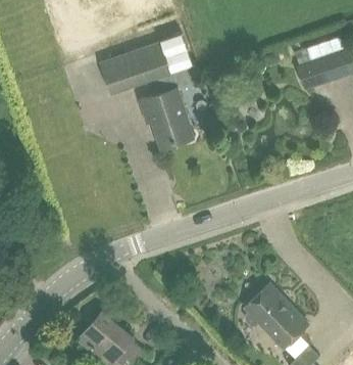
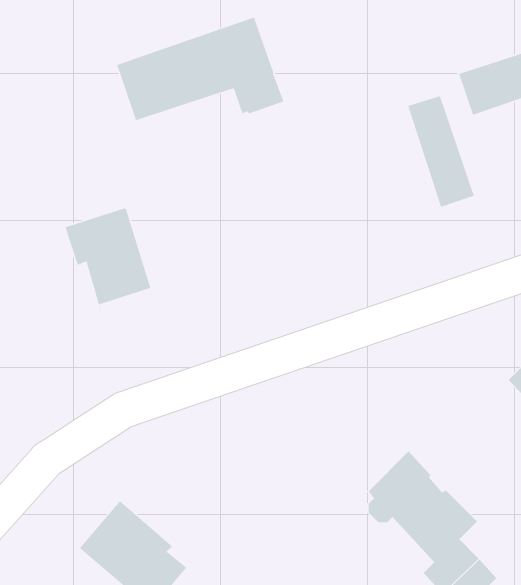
building: none -> [407,95,475,208]
building: [141,88,192,148] -> [65,207,153,312]

